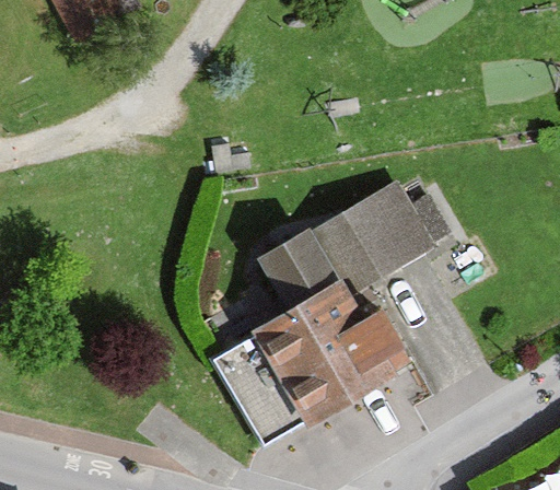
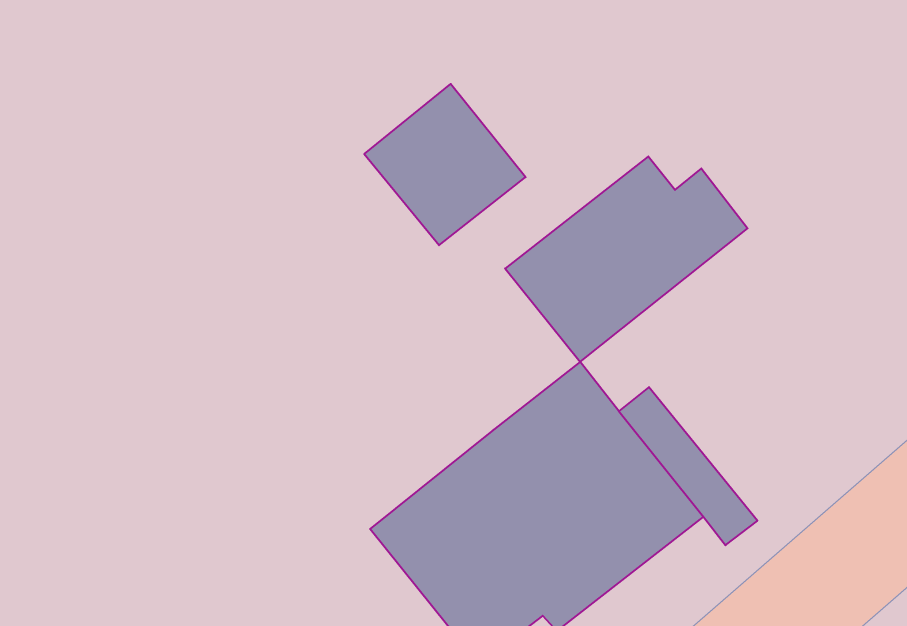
building: [256,228,343,316] -> [364,84,526,245]

